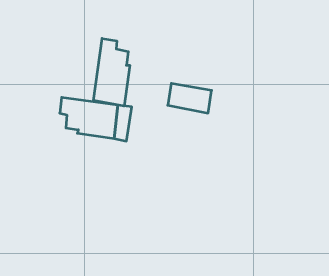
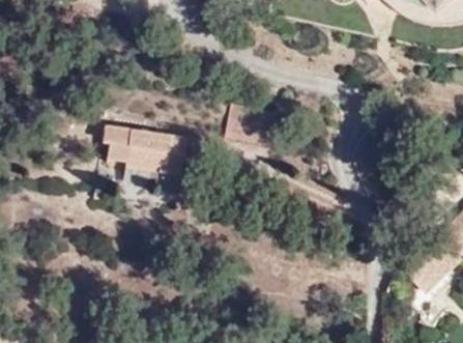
building: [93,38,130,106] -> none

